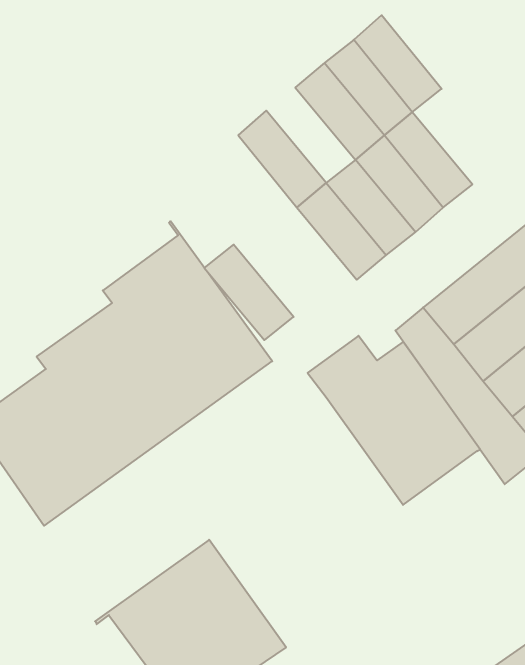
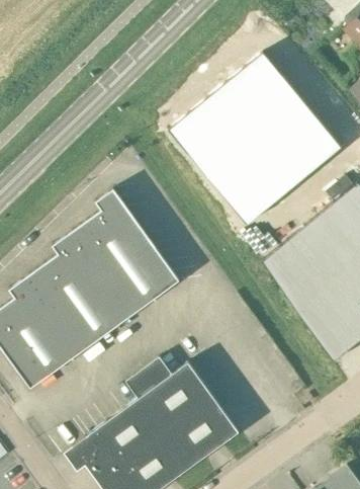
building: none -> [273,102,332,165]
building: [204,245,294,340] -> [177,101,236,164]
building: [308,336,480,505] -> [127,358,241,470]

